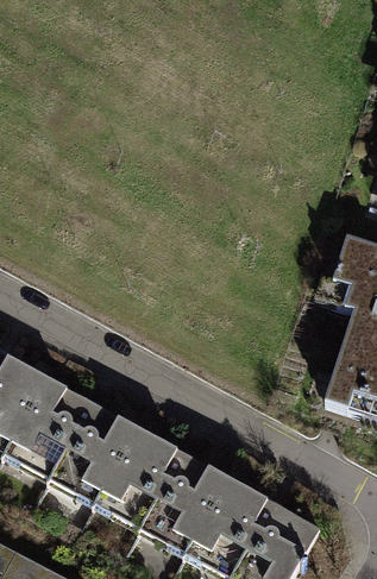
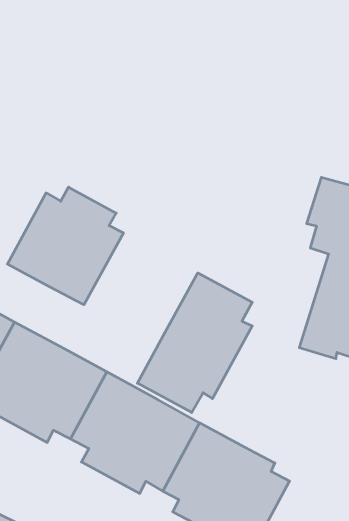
building: none -> [7,187,123,305]
building: none -> [137,273,252,413]

